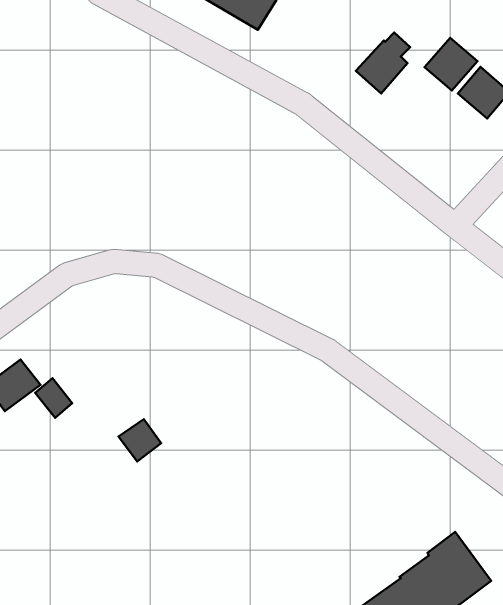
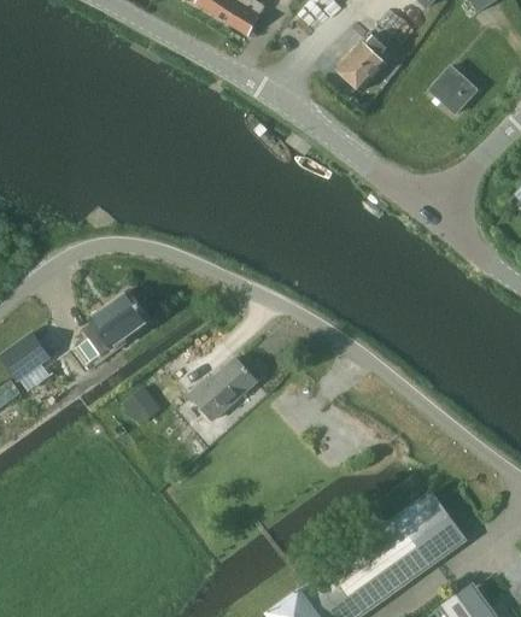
building: [425,38,478,91] -> none
building: none -> [84,287,153,355]
building: none -> [188,357,258,422]

